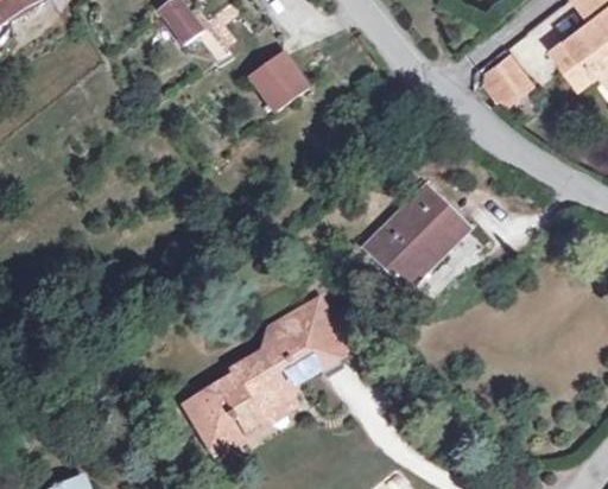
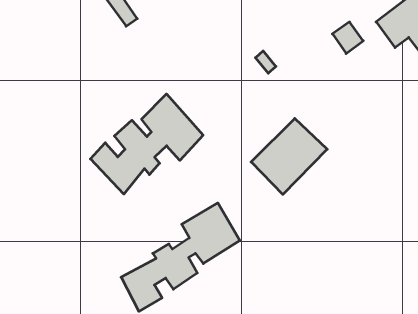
building: [240,52,305,116] -> none
building: none -> [90,94,203,194]

